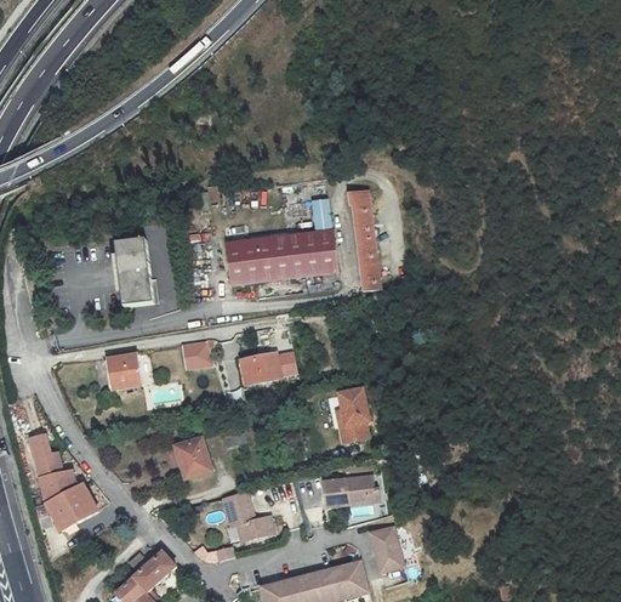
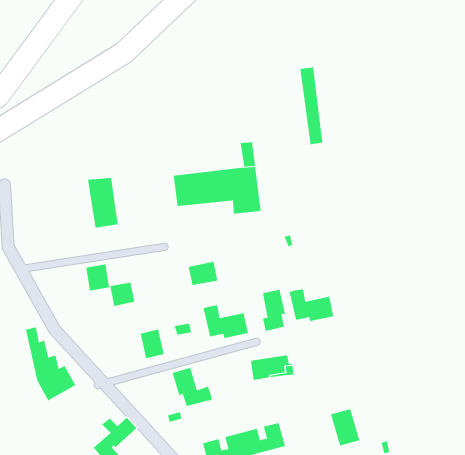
building: [347,194,377,295] -> [300,67,323,145]
building: [177,340,210,371] -> [110,282,135,307]
building: none -> [289,288,334,322]
building: none -> [202,305,248,339]
building: [366,527,405,575] -> [330,408,360,446]

